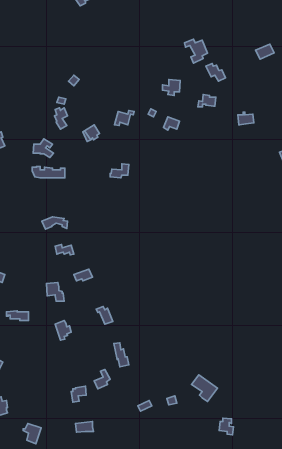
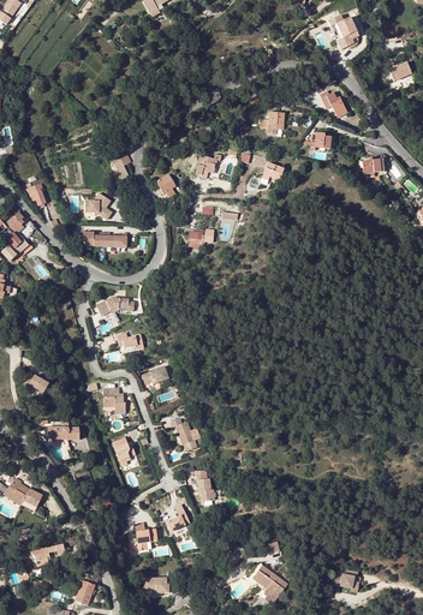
building: [185,39,208,63] -> [332,16,363,48]
building: [192,375,217,401] -> [252,565,287,601]

